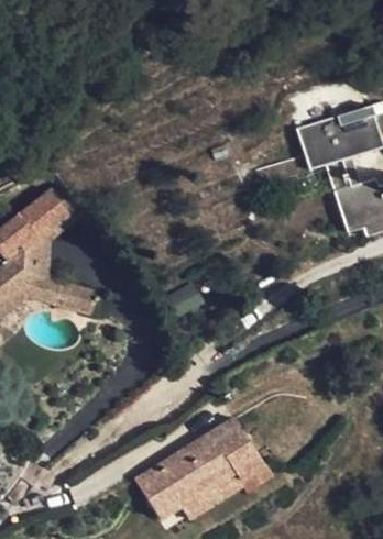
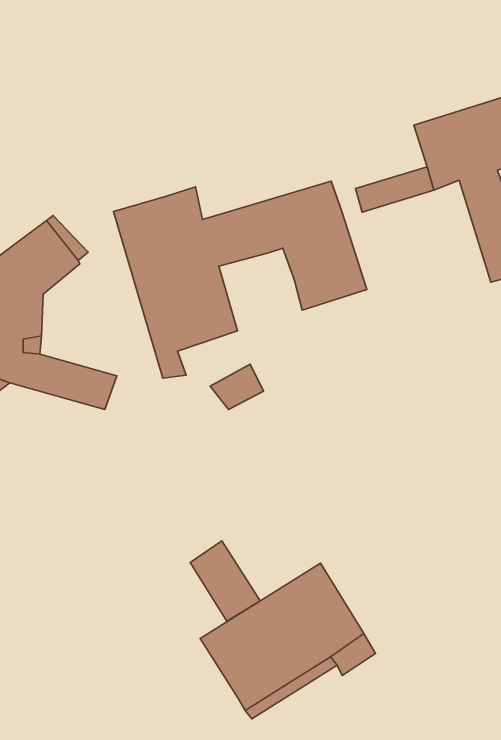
building: none -> [113,181,367,378]
building: [132,465,178,518] -> [190,541,260,621]

